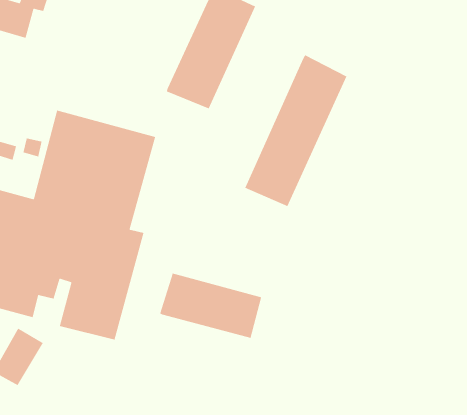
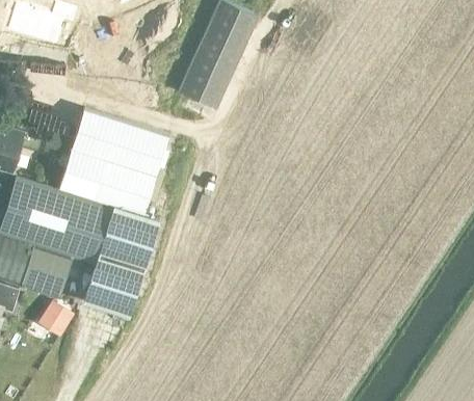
building: [244,54,347,207] -> none
building: [159,272,262,339] -> none

